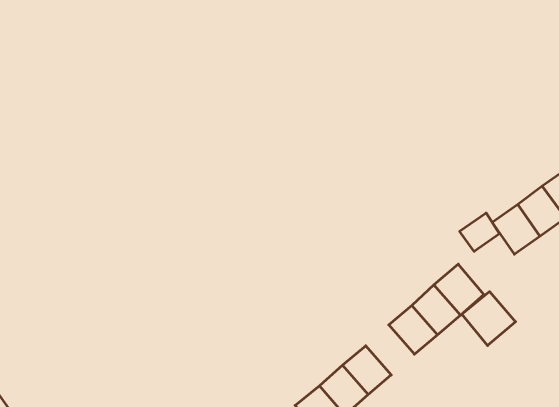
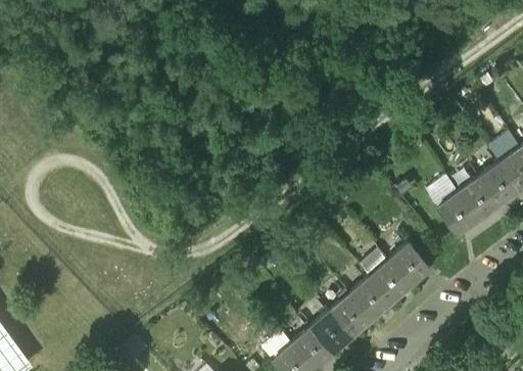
building: [460,213,500,251] -> none
building: [462,292,516,346] -> none
building: none -> [330,295,371,337]

